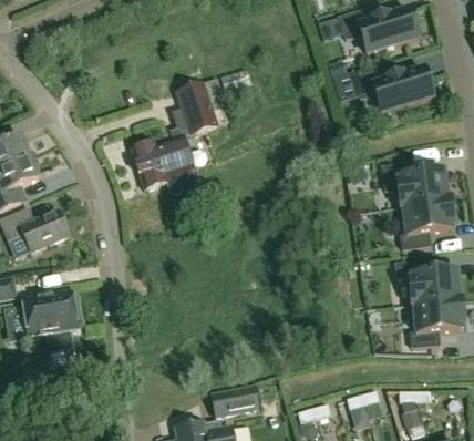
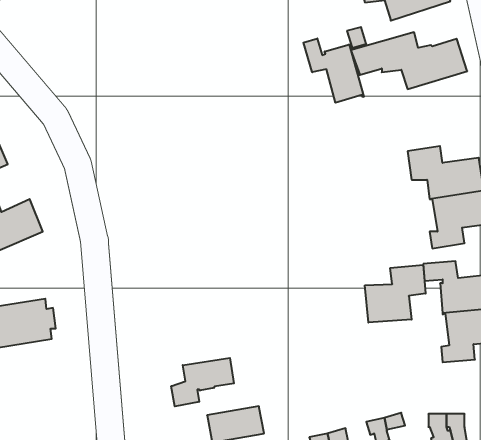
building: none -> [303,38,364,103]
building: [132,78,231,195] -> none
building: none -> [365,265,426,323]
building: none -> [171,358,234,406]

